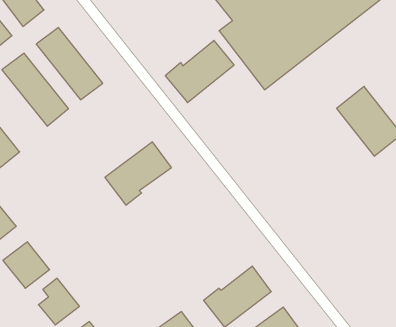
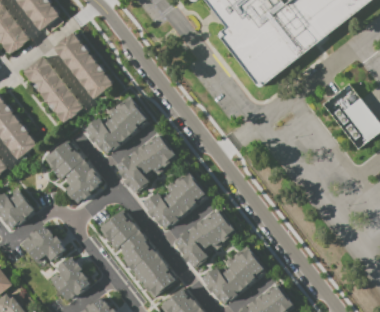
building: [165,40,234,103] -> [86,97,148,153]
building: none -> [47,141,102,202]
building: none -> [145,173,206,228]
building: none -> [174,208,234,266]
building: none -> [100,212,174,296]

